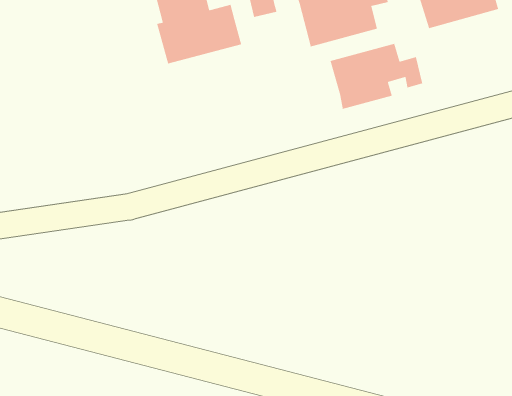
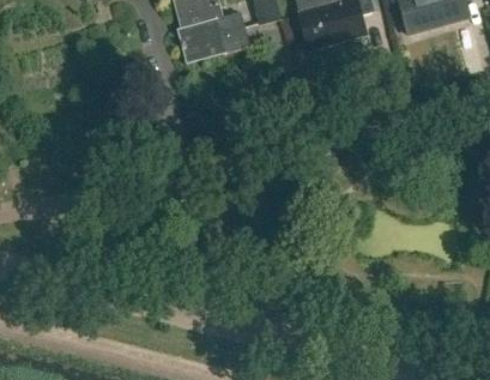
building: [329,43,423,110] -> none

